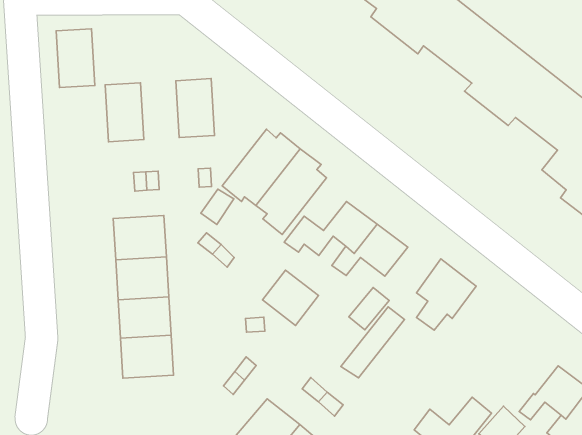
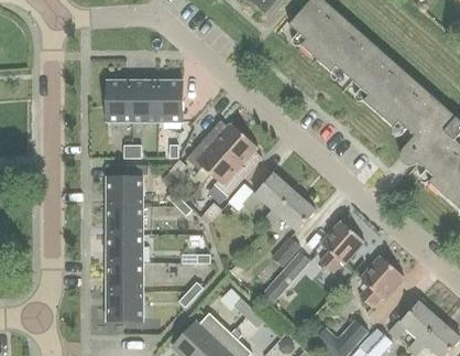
building: [56,29,95,88] -> [132,80,157,121]
building: [262,270,319,325] -> none
building: none -> [358,255,403,305]
building: none -> [107,291,143,321]

